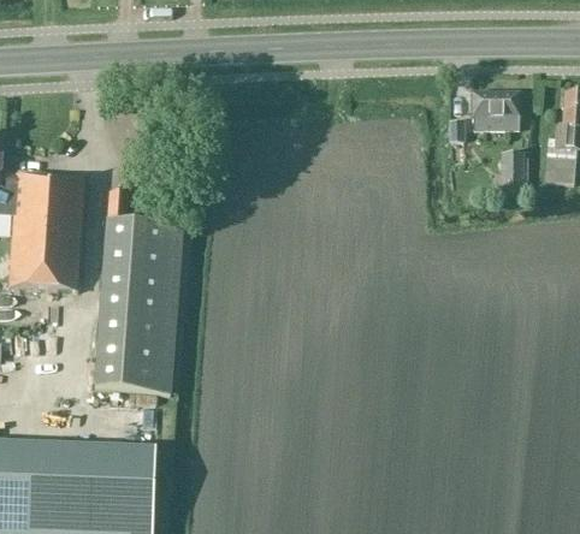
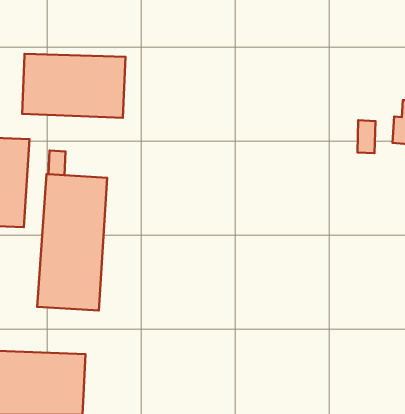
building: none -> [22,54,125,118]
building: [472,93,519,129] -> none

